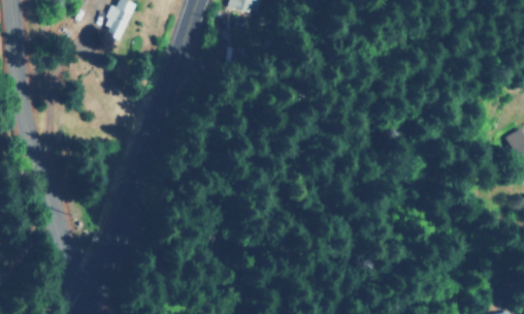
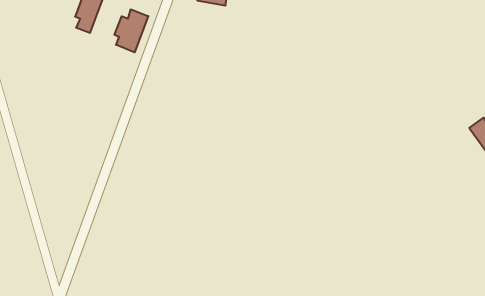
building: none -> [114,9,148,52]

